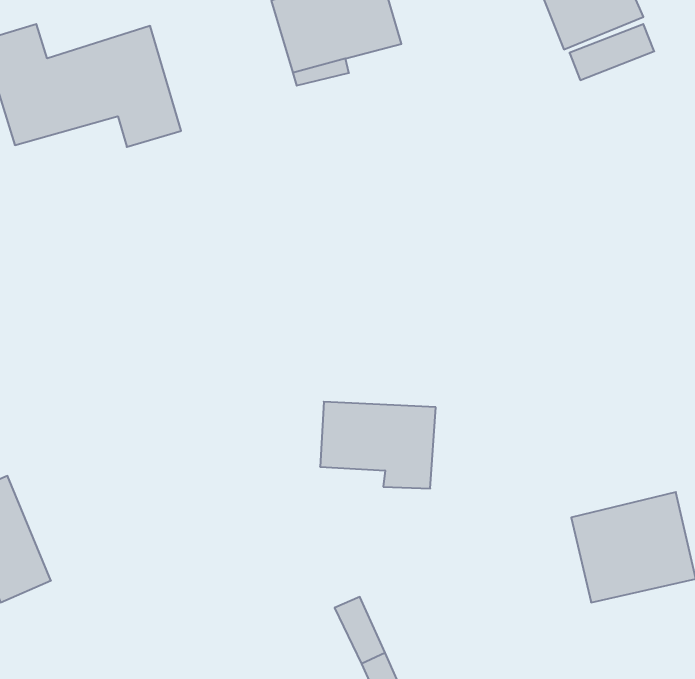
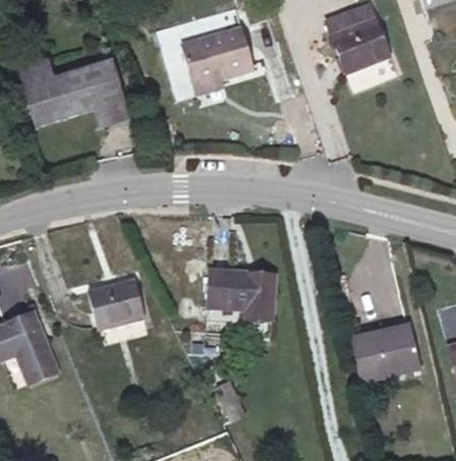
building: none -> [88,279,144,328]

